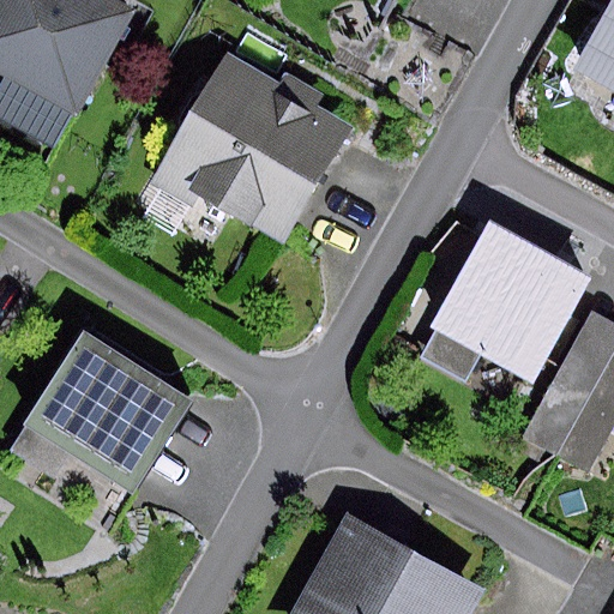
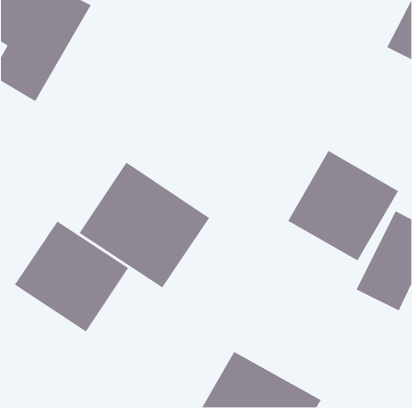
building: [150,48,351,242] -> none
building: none -> [79,162,210,289]

